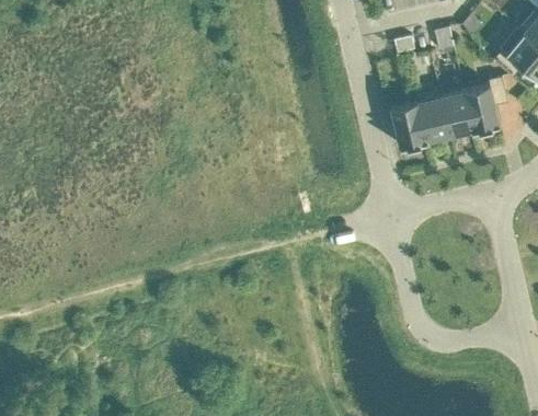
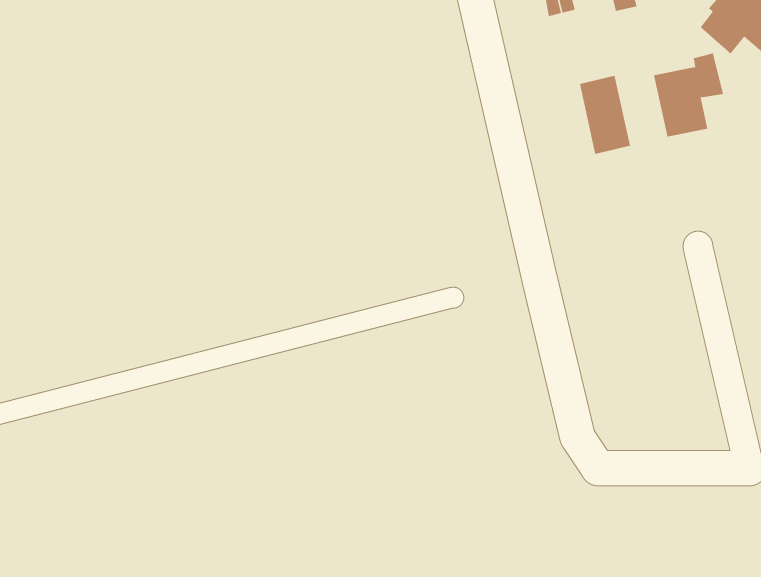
building: [440,92,473,137] -> none
building: [392,97,427,149] -> none

